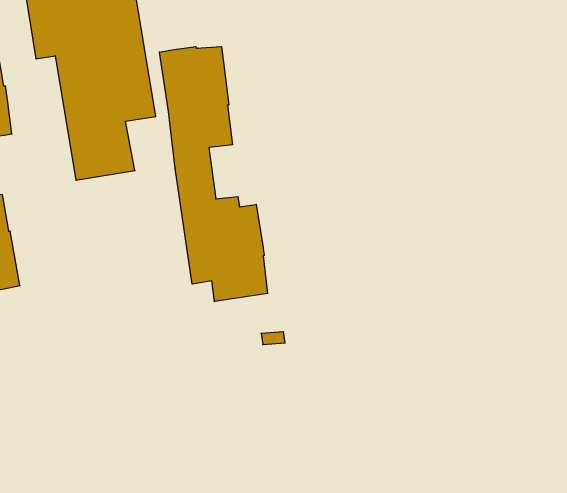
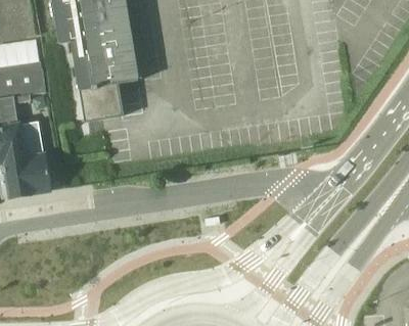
building: [159,47,268,302] -> none

